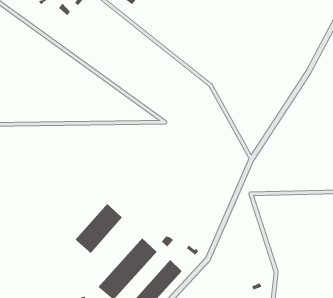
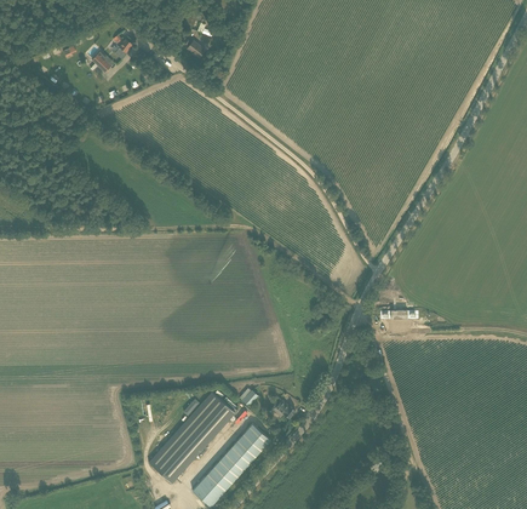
building: [74,203,123,254] -> none

